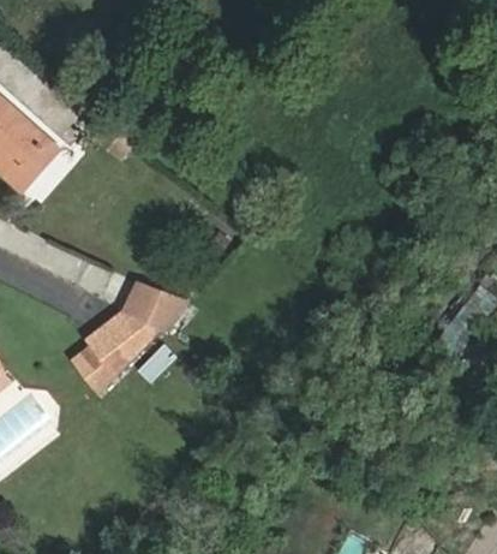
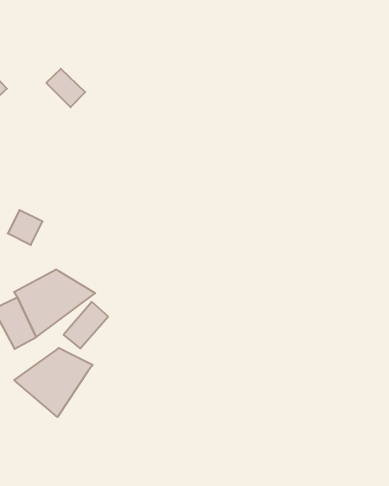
building: [127,285,188,329] -> none
building: none -> [14,348,93,417]

